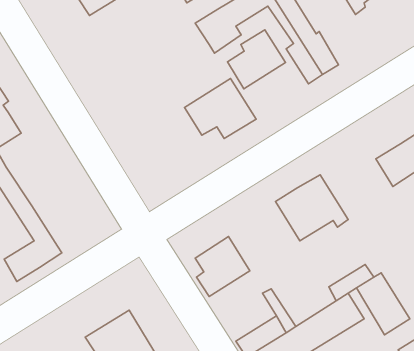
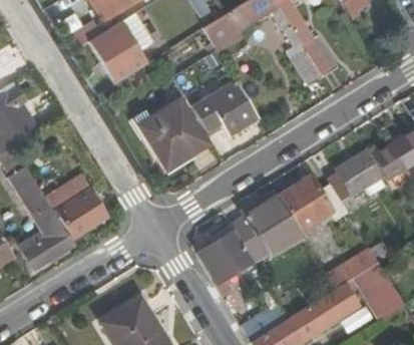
building: none -> [88,10,162,81]
building: [227,30,285,89] -> none
building: none -> [138,98,209,169]
building: none -> [336,149,387,198]
building: none -> [49,176,109,237]
building: none -> [234,195,304,266]

